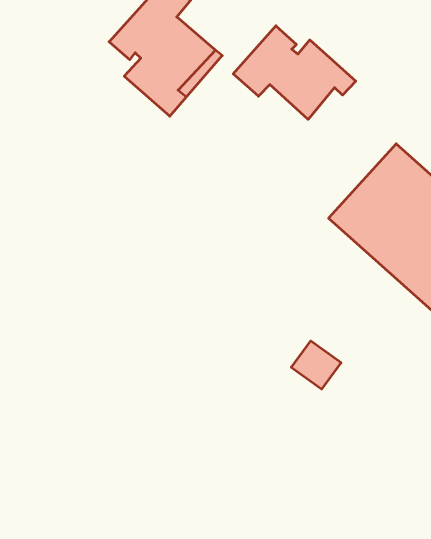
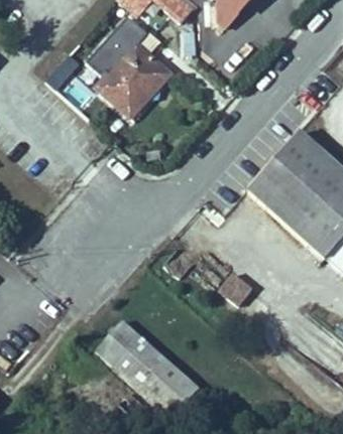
building: [233,26,356,119] -> none
building: none -> [101,314,205,413]

